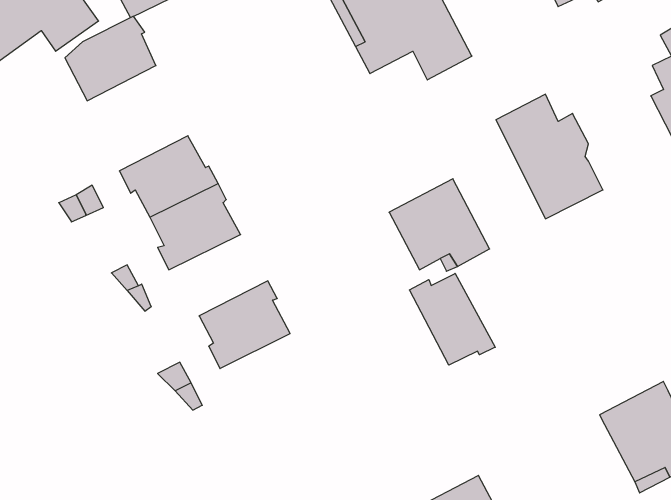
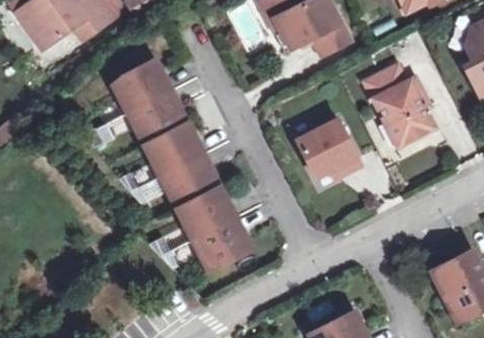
building: [65,16,156,101] -> [111,60,169,115]
building: none -> [157,156,220,208]
building: [409,273,495,365] -> none
building: none -> [189,219,253,271]

